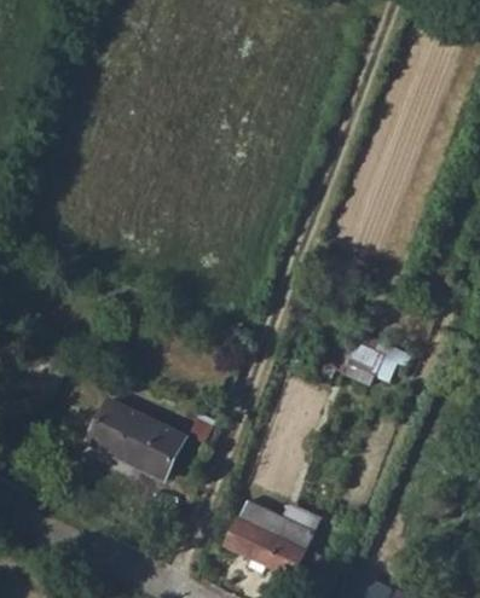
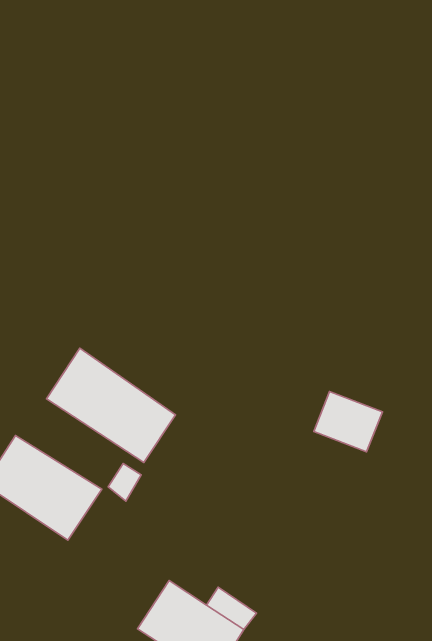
building: none -> [47,348,175,463]

